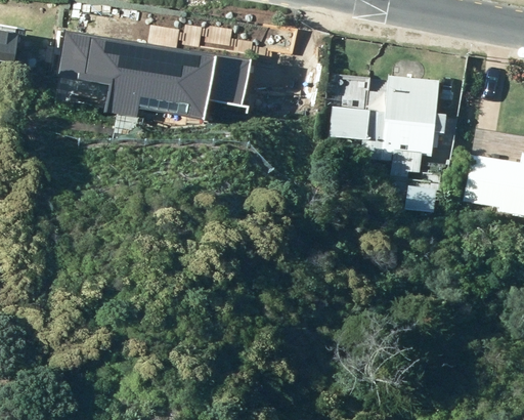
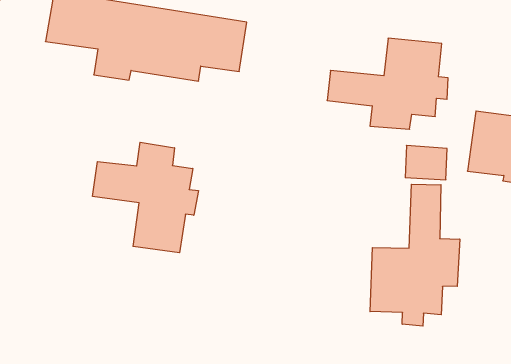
building: none -> [93,142,198,253]
building: none -> [370,184,460,326]

